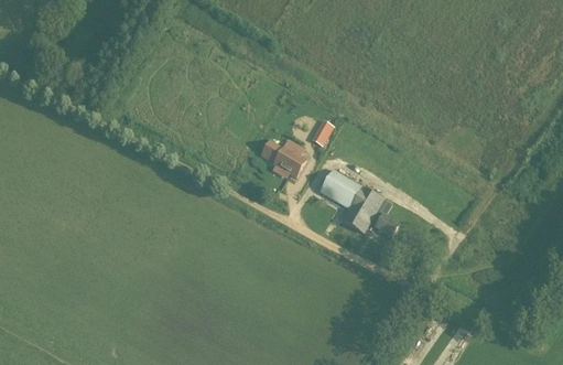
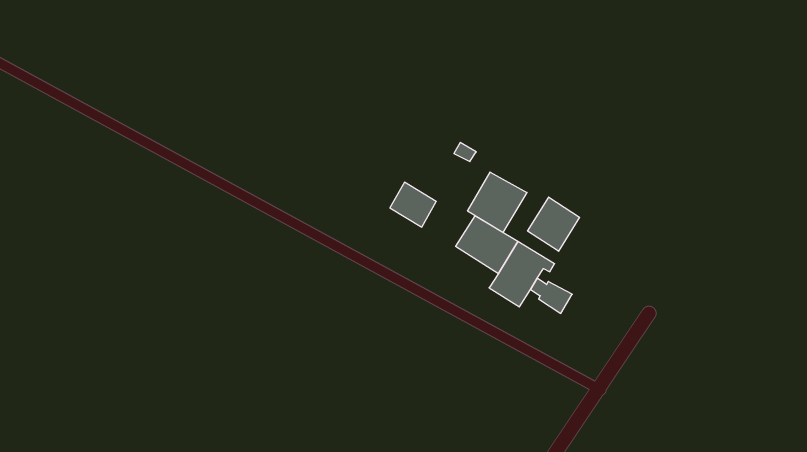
building: none -> [468,172,527,233]
building: none -> [528,197,580,251]

